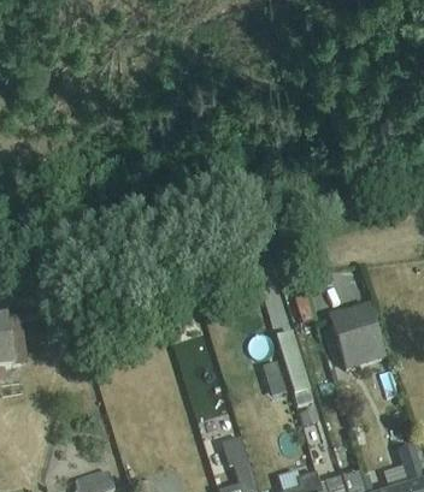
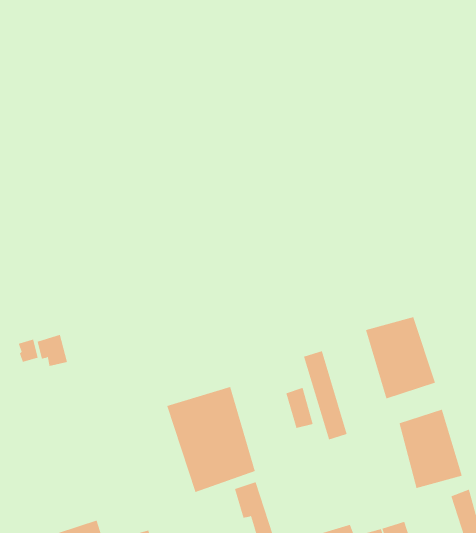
building: none -> [167,386,255,493]
building: none -> [399,409,462,489]

